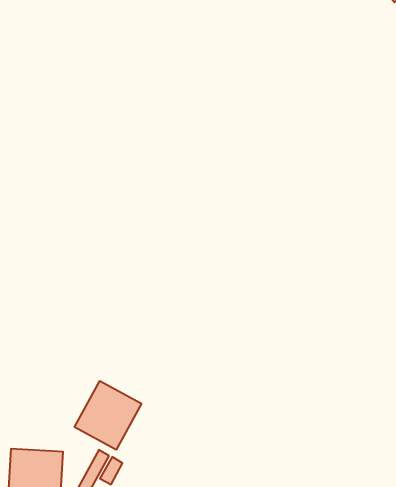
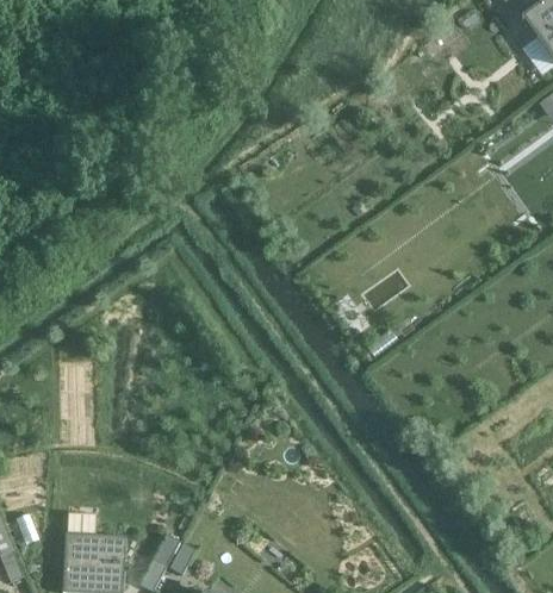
building: [75,381,141,450] -> none

